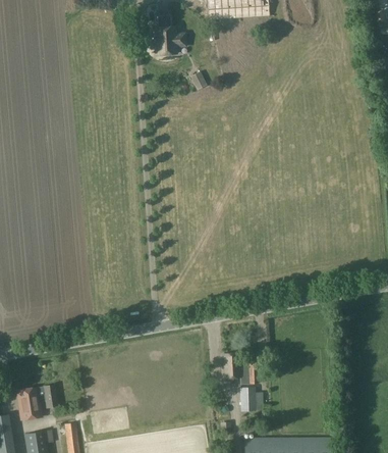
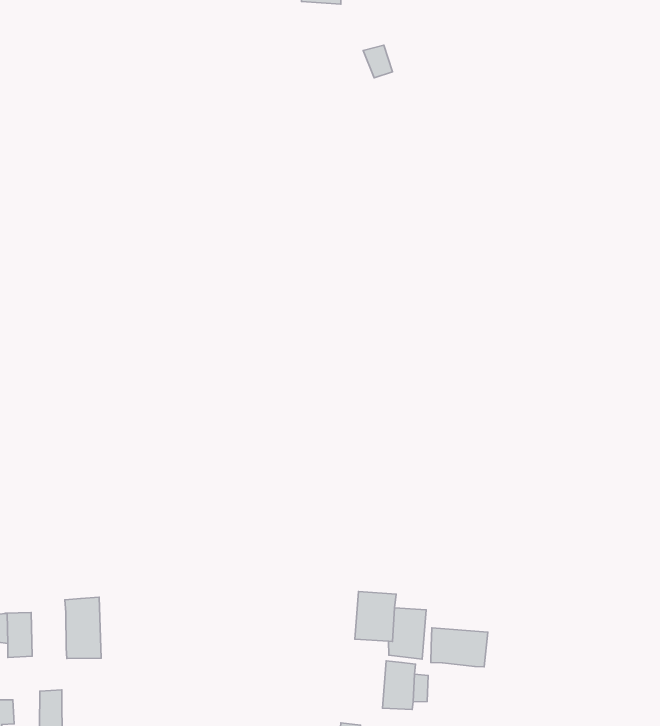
building: none -> [431,628,488,667]
building: none -> [65,597,101,658]

